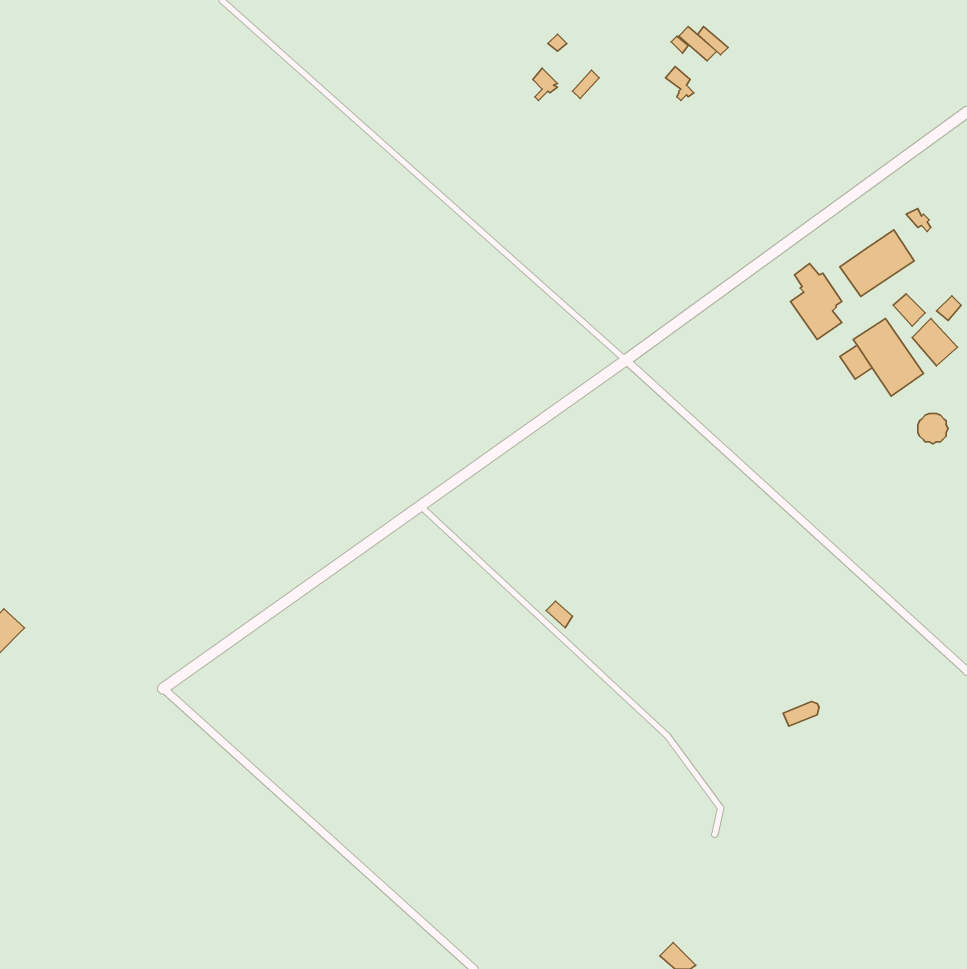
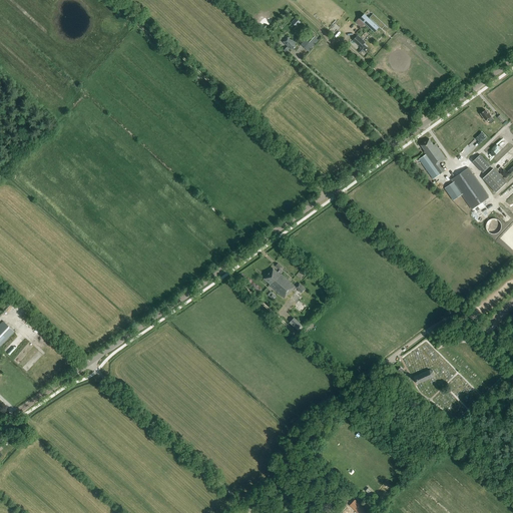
building: [840,230,914,296] -> none
building: none -> [263,269,294,299]

